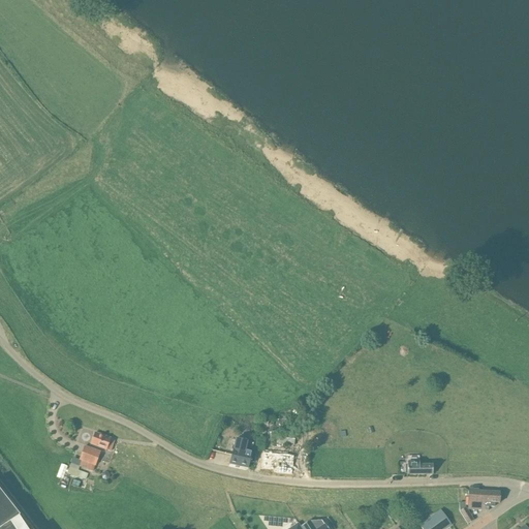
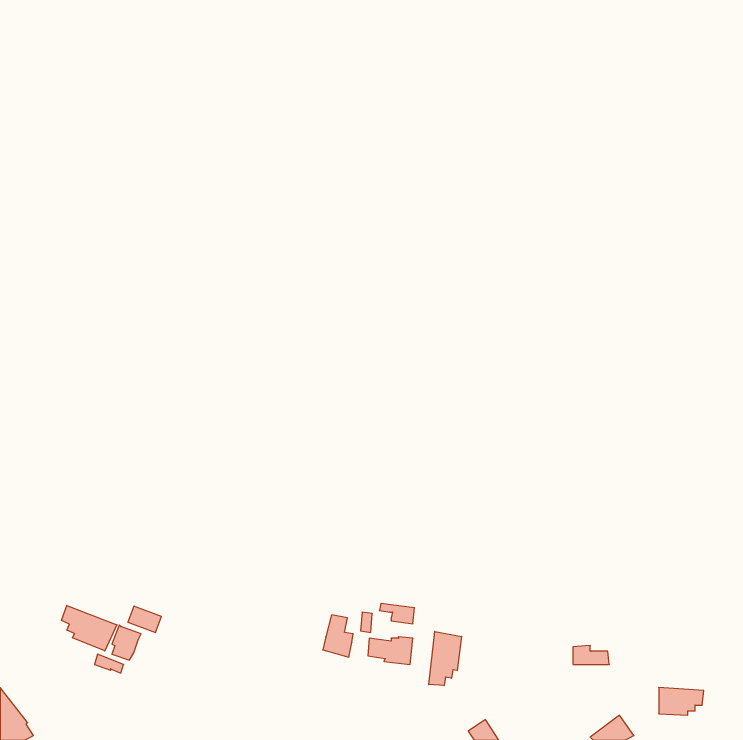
building: none -> [62,605,117,651]
building: none -> [429,631,462,686]

